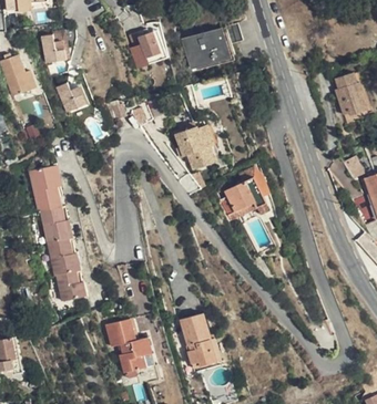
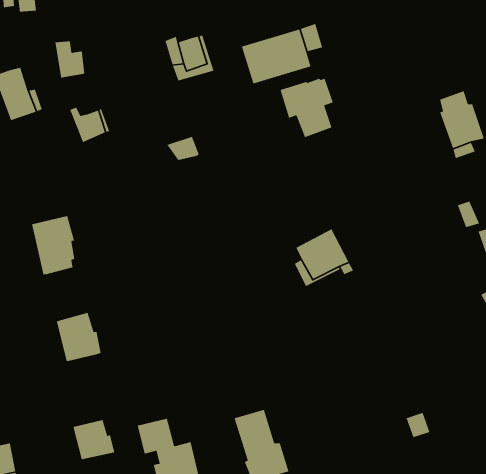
building: [176,124,217,169] -> [280,78,334,138]
building: [38,206,72,246] -> none
building: [54,271,86,302] -> [72,419,115,460]

